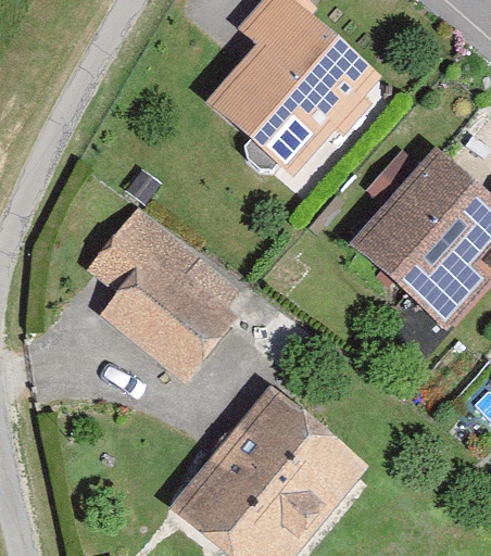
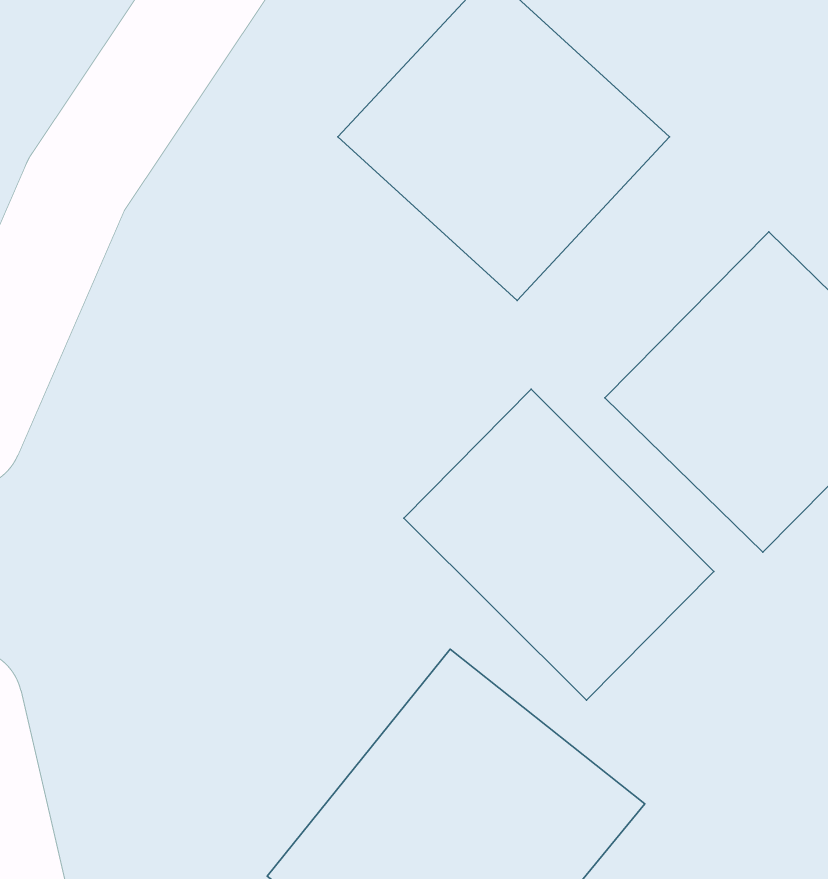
building: [70,191,248,364] -> none
building: none -> [404,389,714,700]

